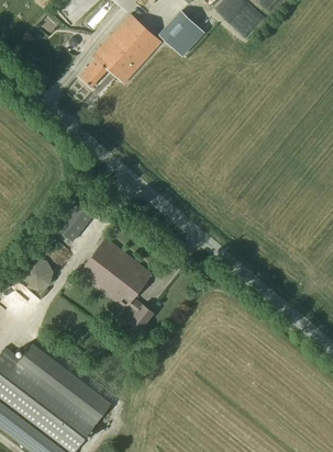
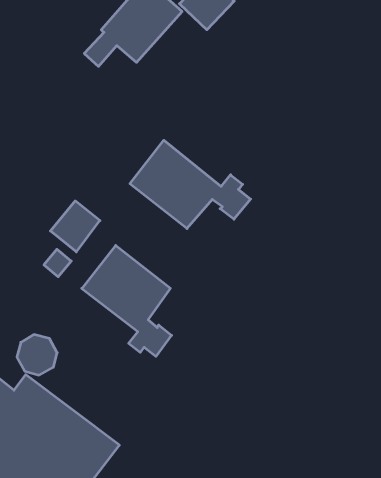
building: none -> [130,140,251,229]
building: [21,257,55,291] -> [17,335,57,375]

